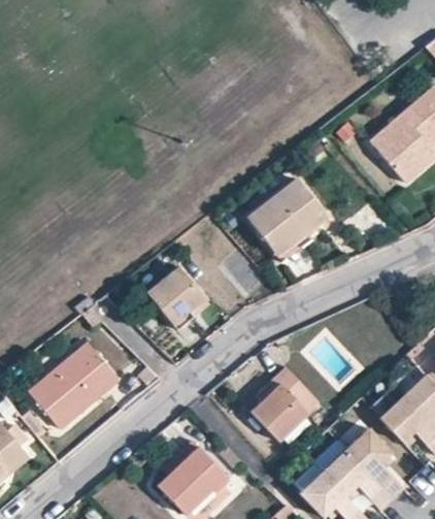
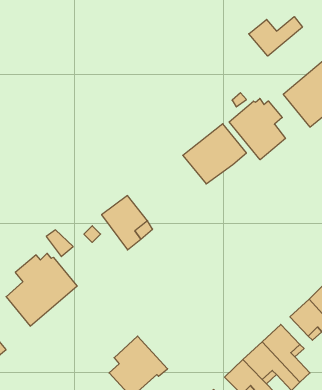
building: none -> [249,17,302,56]
building: none -> [229,98,285,160]
building: [253,367,320,440] -> none

